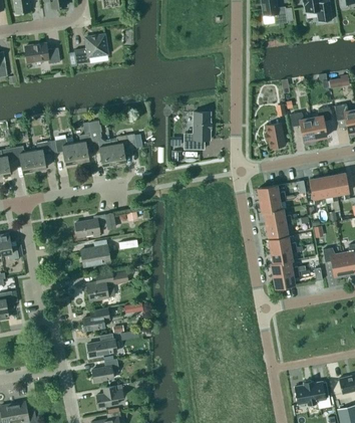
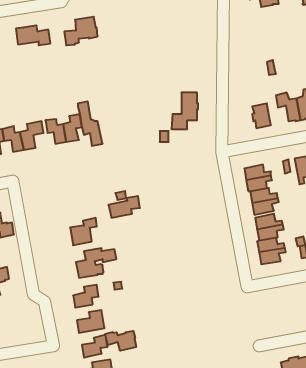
building: [109,135,136,164] -> none
building: [75,214,107,236] -> [108,196,140,218]
building: none -> [105,331,136,351]

